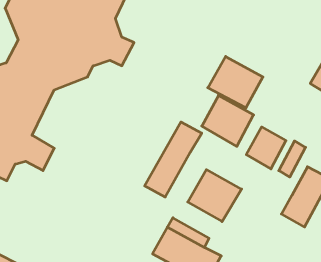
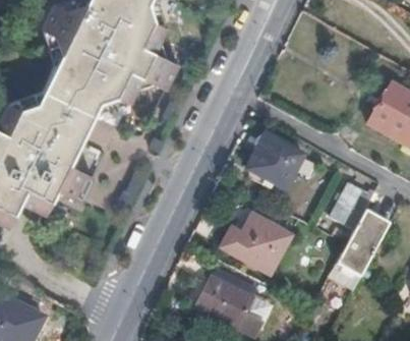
building: [208,56,263,108] -> none
building: [145,122,202,197] -> none
building: [246,127,286,169] -> none

